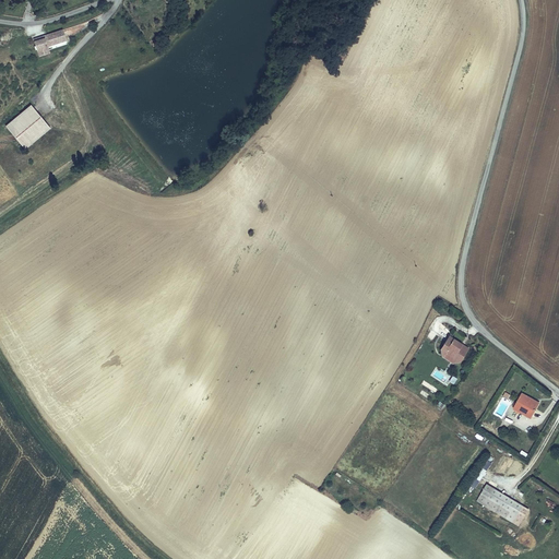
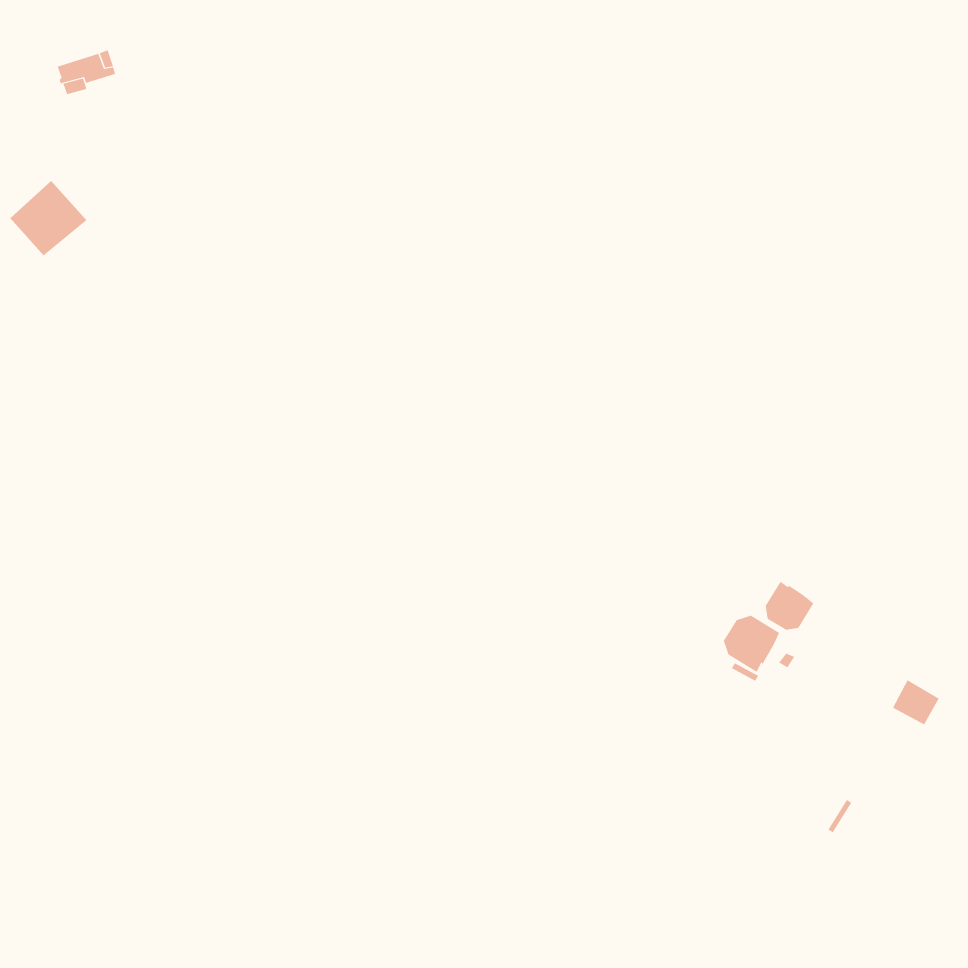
building: none -> [723,615,780,673]
building: [476,485,528,527] -> none

